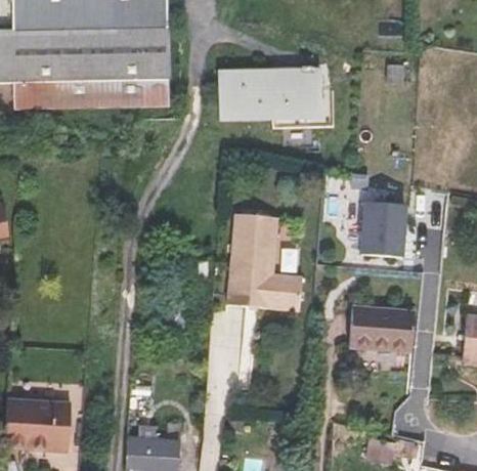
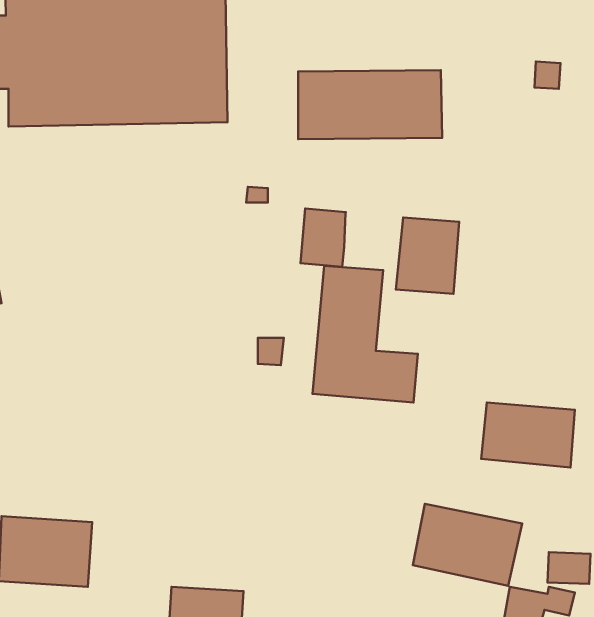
building: none -> [300,209,346,267]
building: [360,202,405,256] -> [396,218,459,294]
building: none -> [413,504,522,586]

